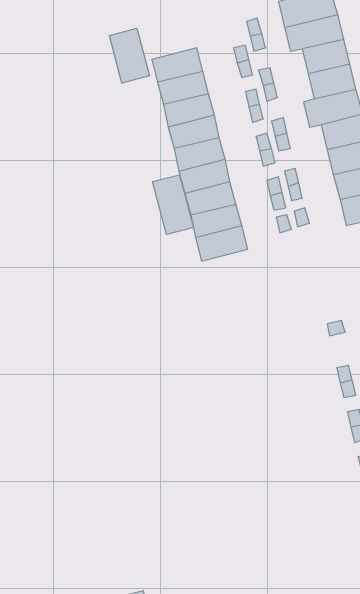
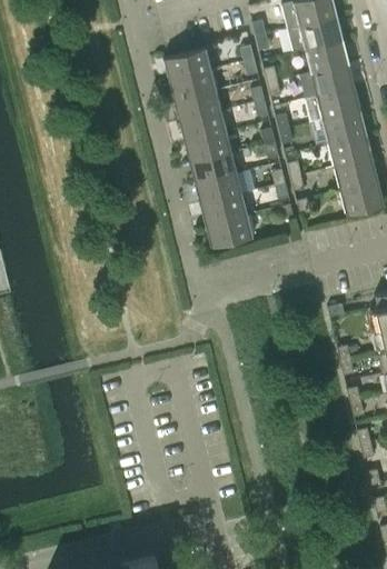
building: [109,28,149,83] -> none
building: [153,175,194,234] -> none

